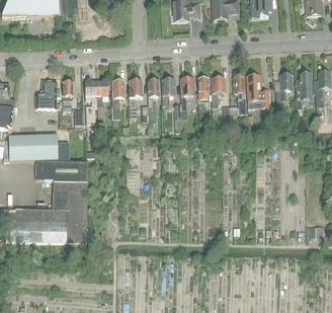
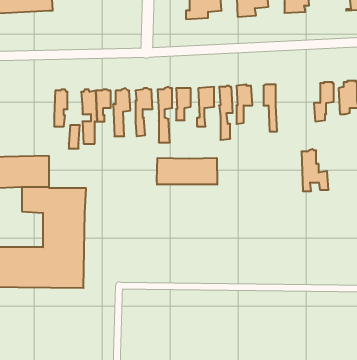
building: [247,73,269,107] -> [301,149,329,191]
building: [35,79,60,108] -> none
building: none -> [157,158,217,185]

